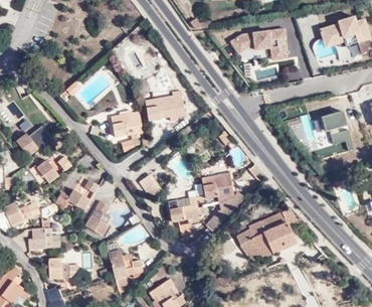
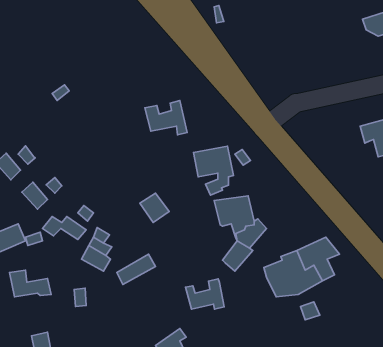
building: [231,25,287,52] -> none
building: [109,113,142,153] -> [193,146,234,195]
building: [165,198,197,223] -> [185,279,224,309]
building: [108,253,142,277] -> none
building: [45,263,77,285] -> none

